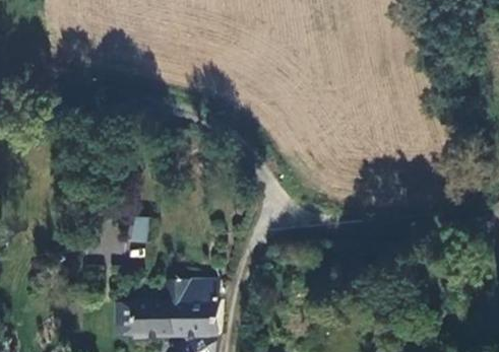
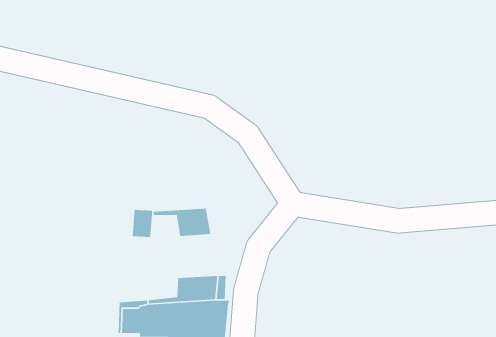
building: none -> [153,208,211,237]

